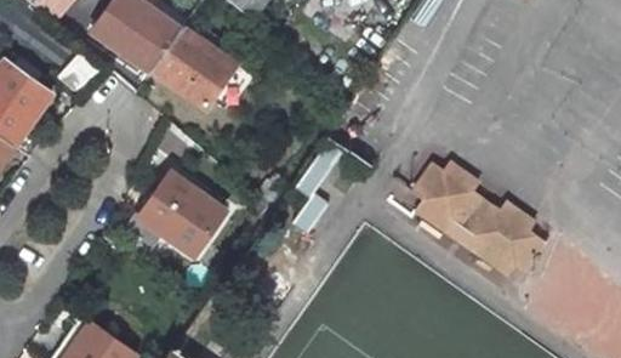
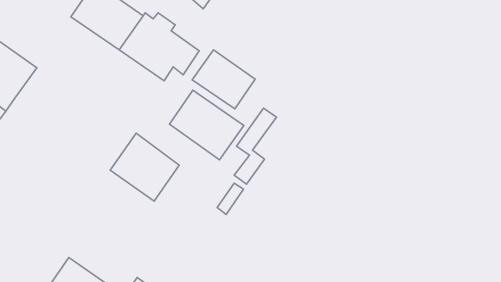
building: none -> [192,50,255,109]
building: none -> [169,90,244,160]
building: [410,160,545,273] -> none

